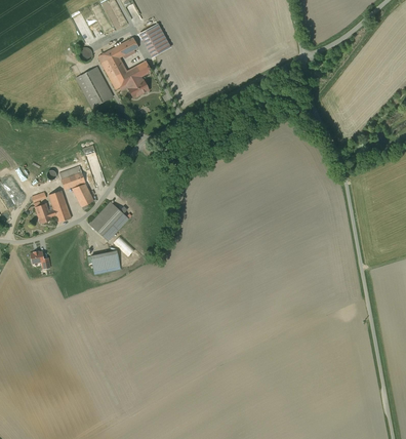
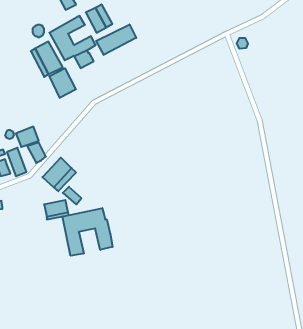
building: none -> [96,24,136,55]
building: none -> [49,68,76,98]
building: none -> [63,208,113,256]

